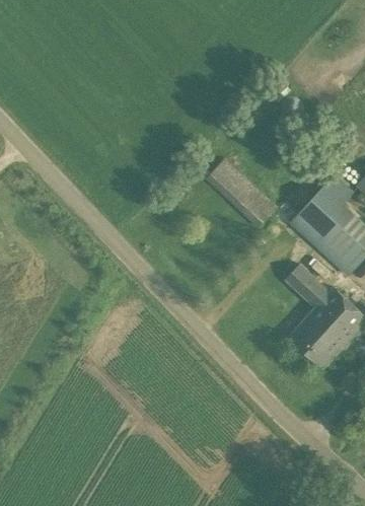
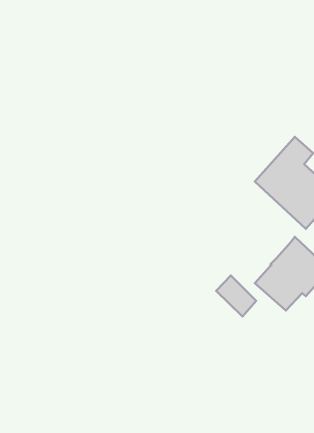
building: [205,157,277,228] -> none
building: [284,263,328,308] -> [216,276,256,316]

